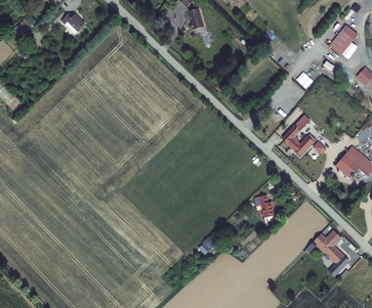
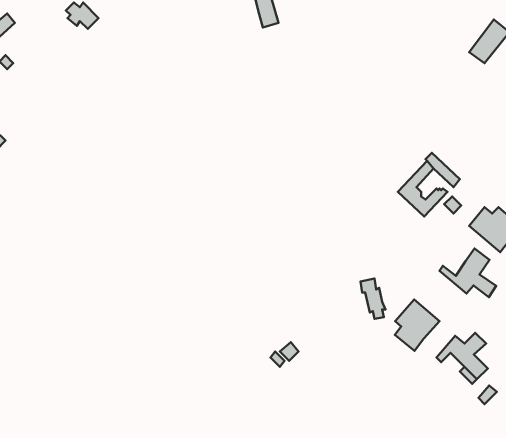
building: none -> [440,248,496,297]
building: none -> [395,299,439,351]

